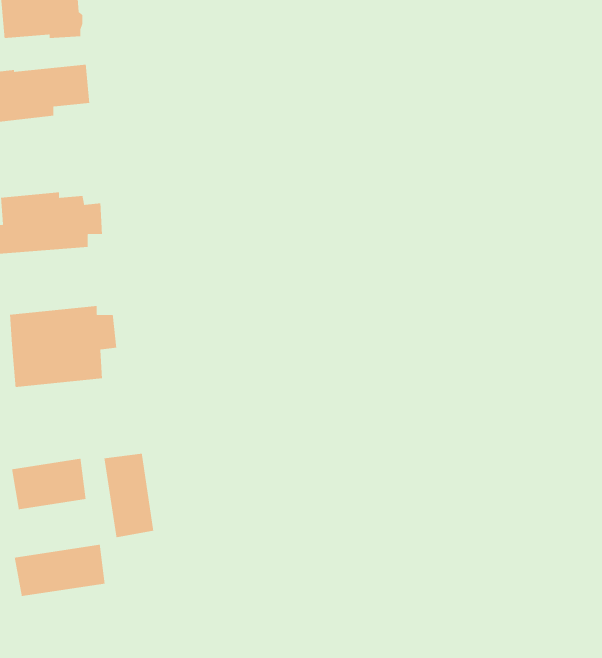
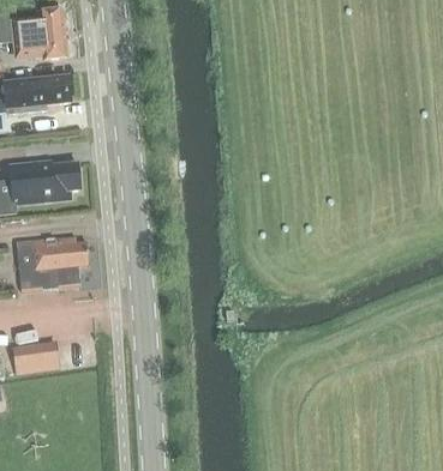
building: [104,453,154,538] -> none
building: [14,544,106,597] -> none

